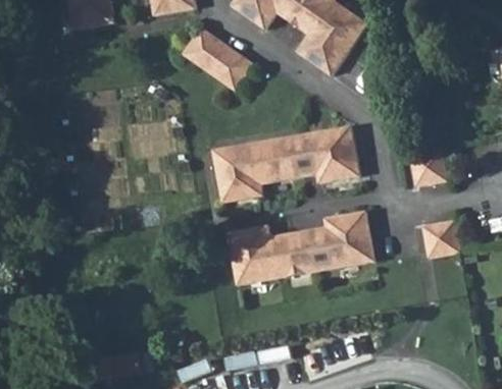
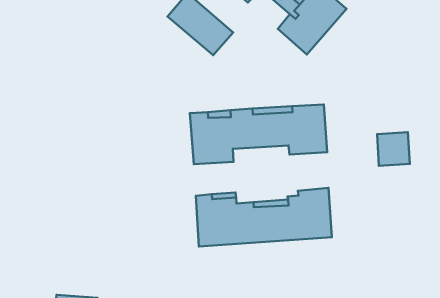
building: [422,218,459,256] -> none

